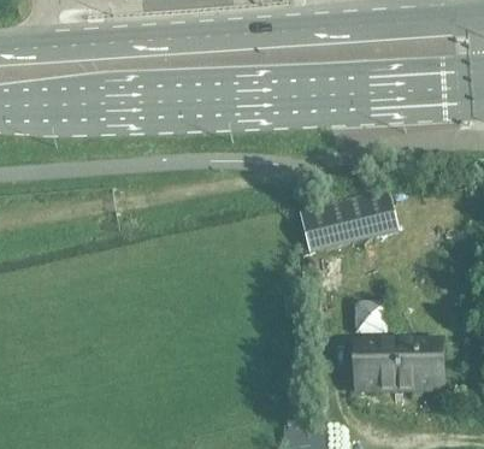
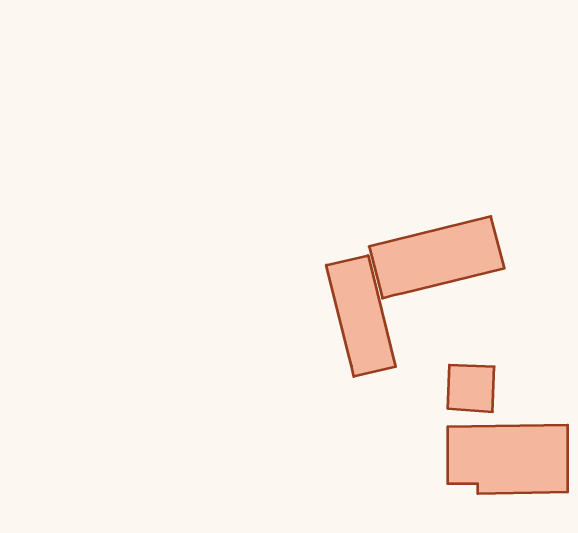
building: none -> [326,255,396,377]

